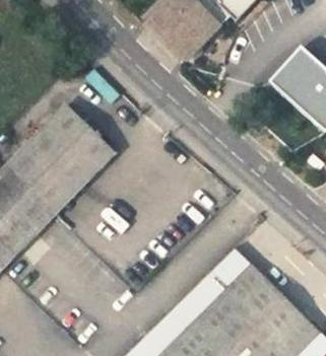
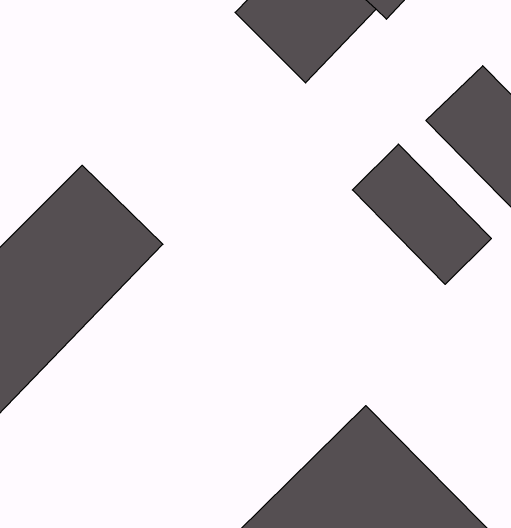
building: none -> [352,144,491,284]

